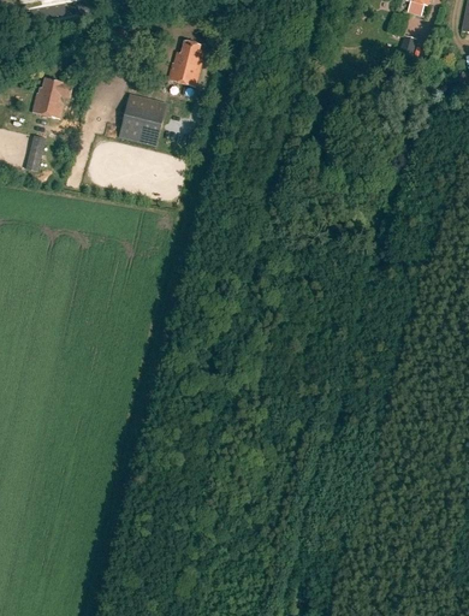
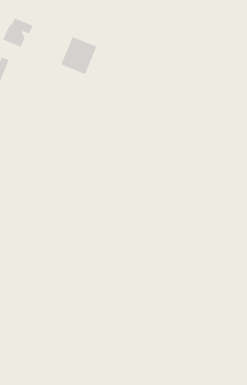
building: [168,38,204,85] -> none

